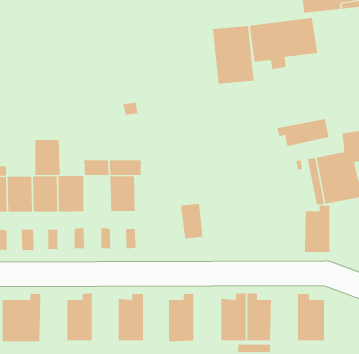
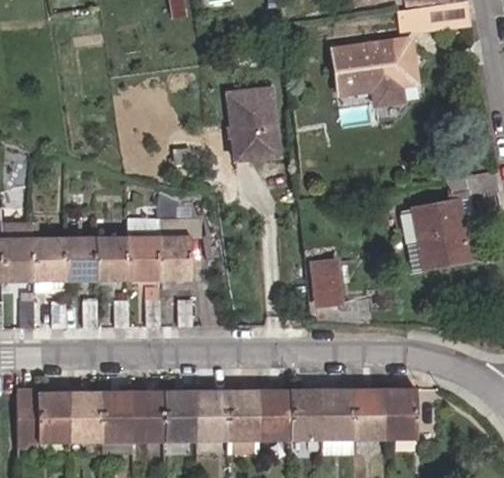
building: [212,26,255,84] -> [227,88,279,160]
building: [276,118,329,147] -> none
building: [34,140,60,175] -> [127,237,159,281]
building: [180,203,203,239] -> [310,261,338,305]
building: [304,205,330,252] -> [356,382,388,440]
building: none -> [137,381,168,440]
building: none -> [73,382,105,441]
building: none -> [200,382,230,441]
building: none -> [262,382,294,440]

